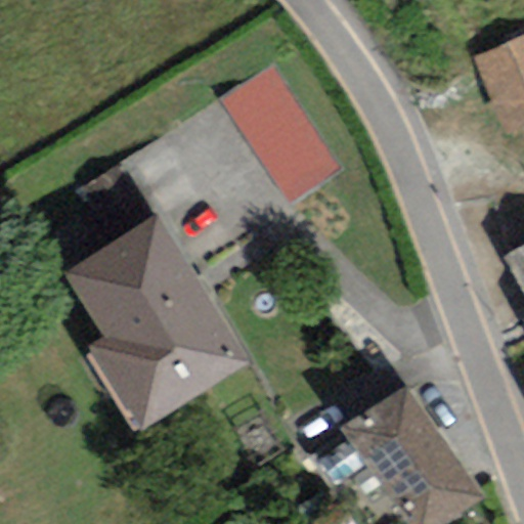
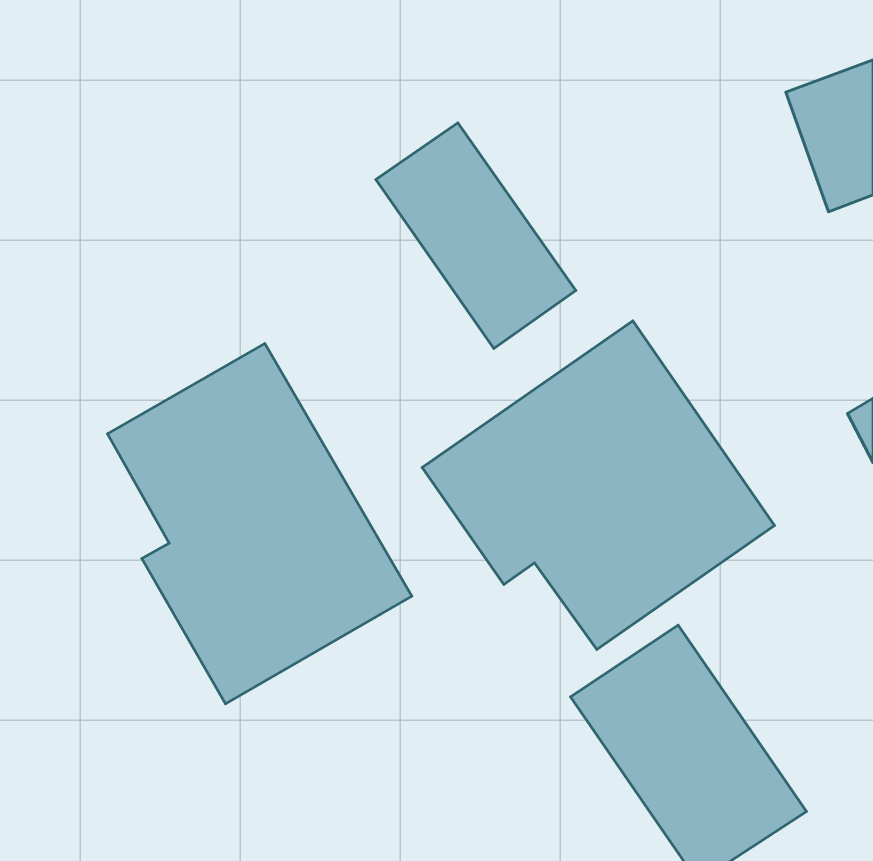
building: none -> [422,321,774,649]

